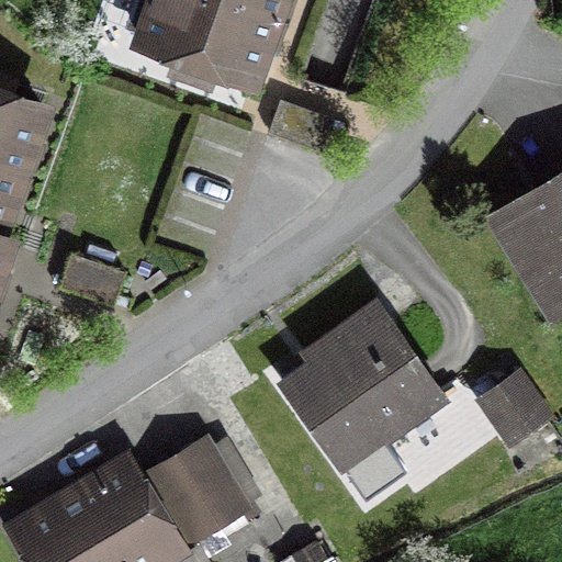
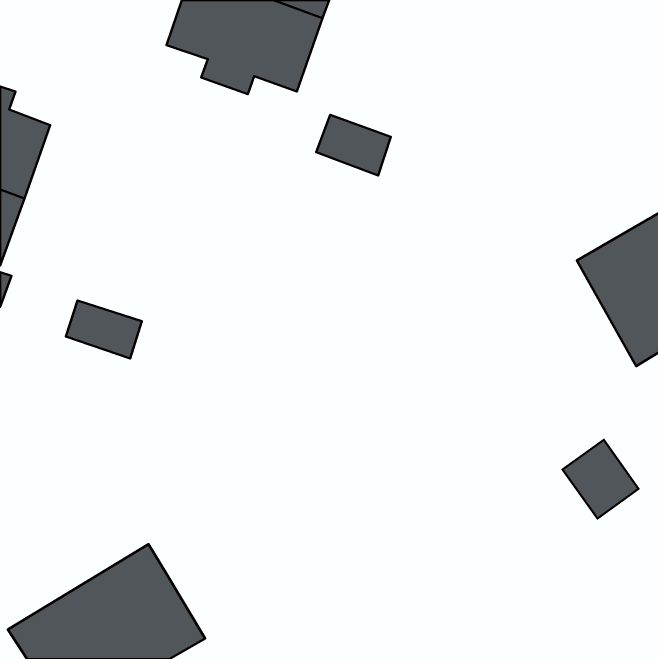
building: [282,325,429,465] -> none
building: [143,443,250,543] -> none

